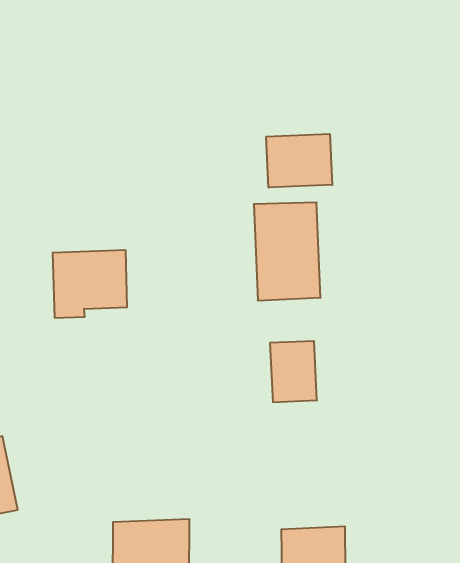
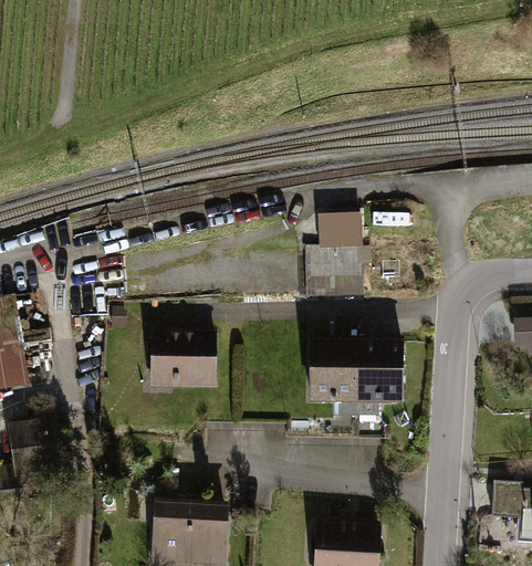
building: [266,134,332,188] -> none
building: [53,250,127,318] -> [147,334,219,397]
building: none -> [357,344,398,400]

